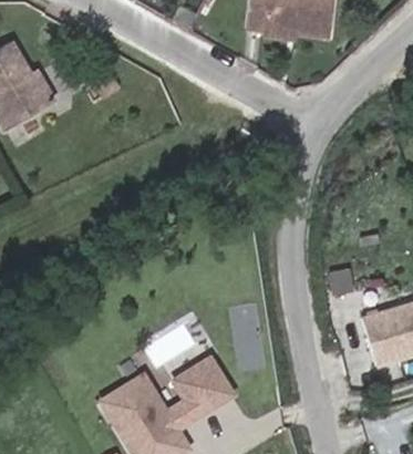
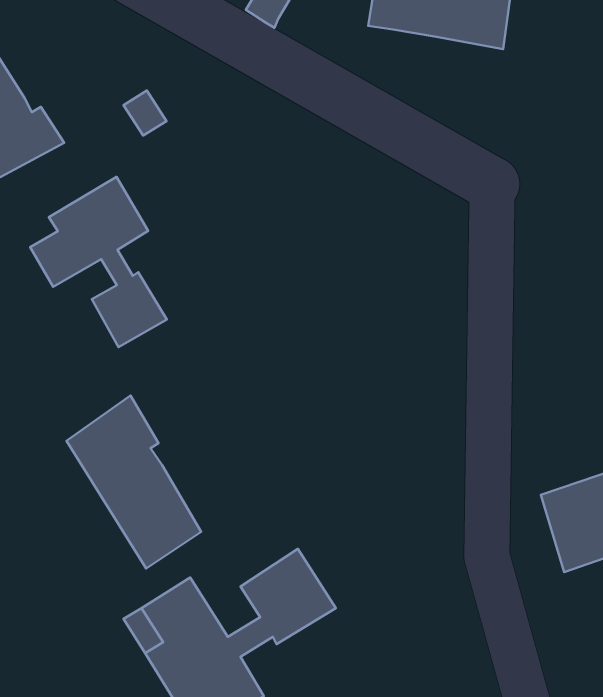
building: none -> [30,177,167,347]
building: none -> [67,395,201,569]

